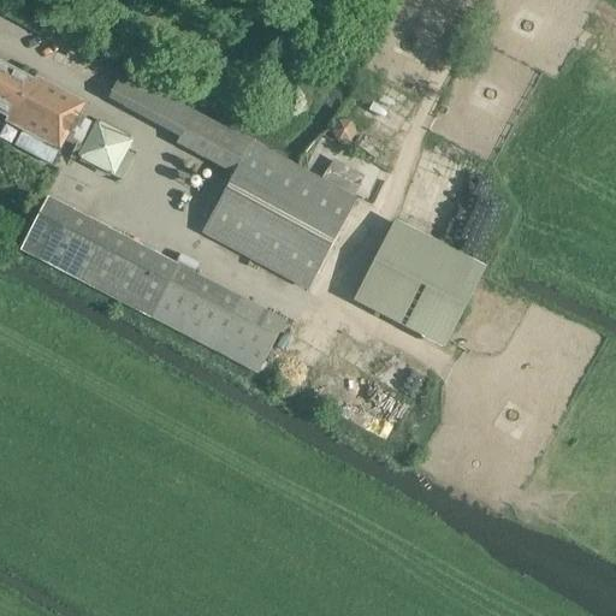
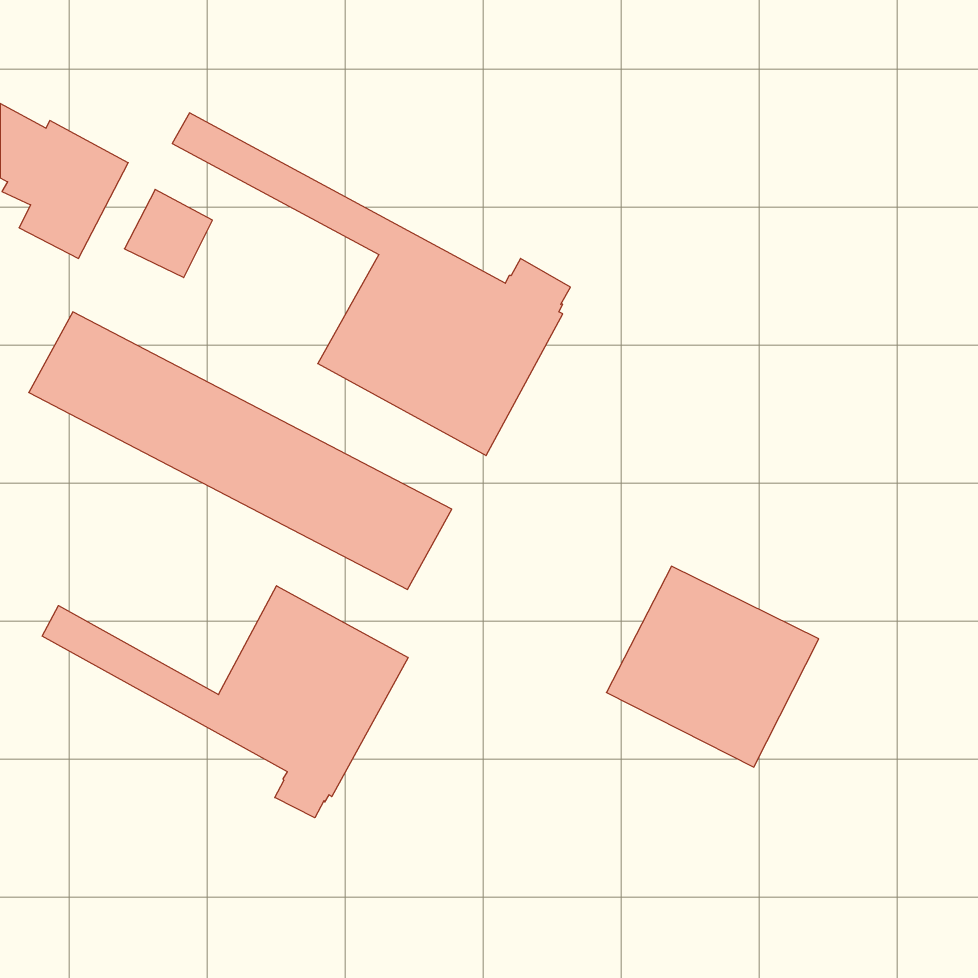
building: [356,224,490,350] -> [606,566,819,767]
building: none -> [42,586,408,818]

